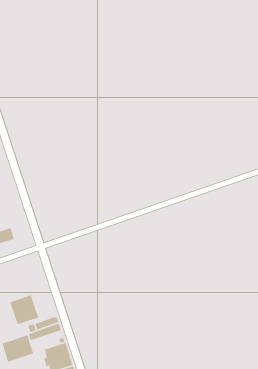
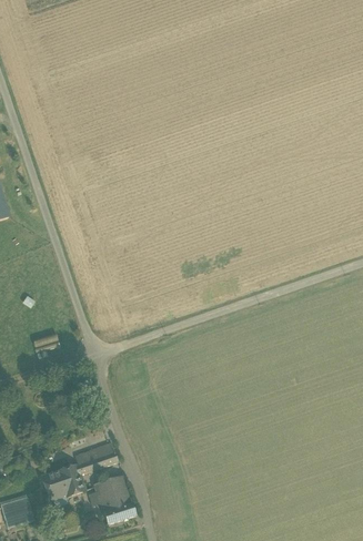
building: [9,294,39,325] -> none

